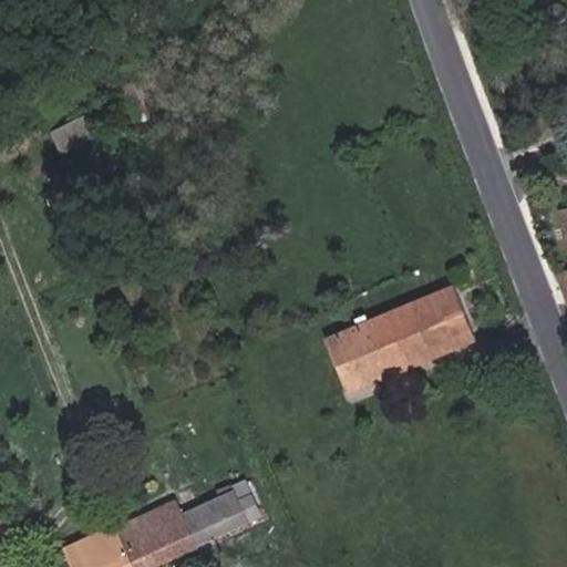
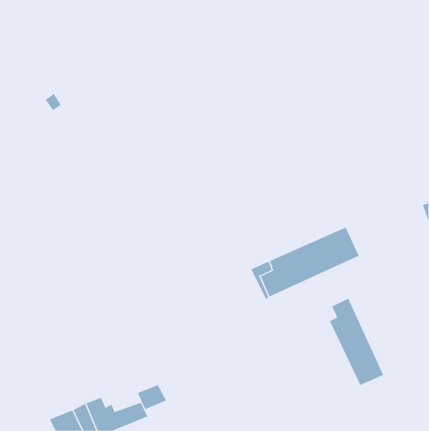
building: none -> [329,298,384,386]
building: [207,481,256,524] -> none
building: [133,503,185,538] -> none

